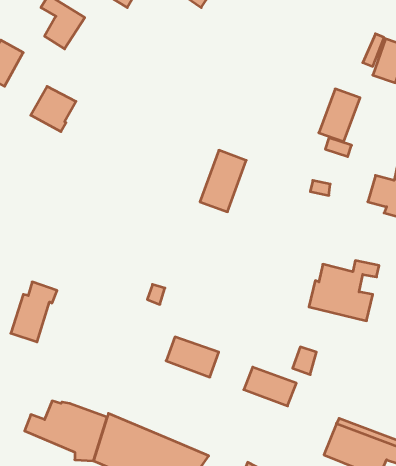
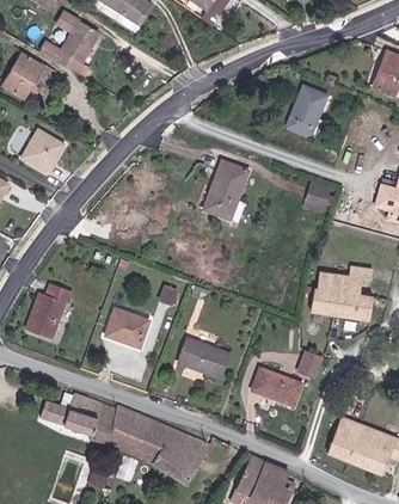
building: [31,86,76,132] -> [23,129,66,172]
building: [319,89,360,142] -> [287,87,326,137]
building: none -> [105,309,148,346]

